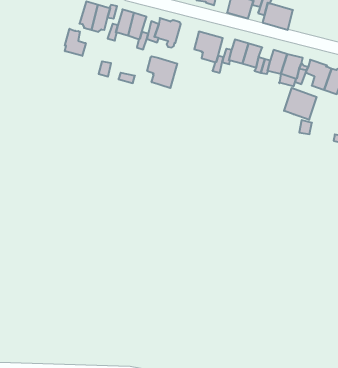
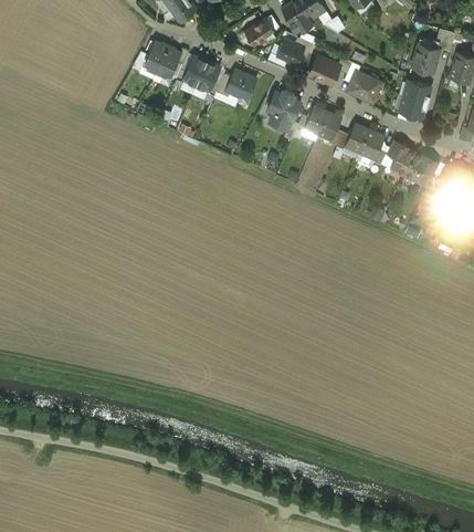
building: none -> [400,81,424,115]
building: [65,29,86,56] -> none
building: [147,56,177,88] -> none
building: [284,88,317,120] -> none

